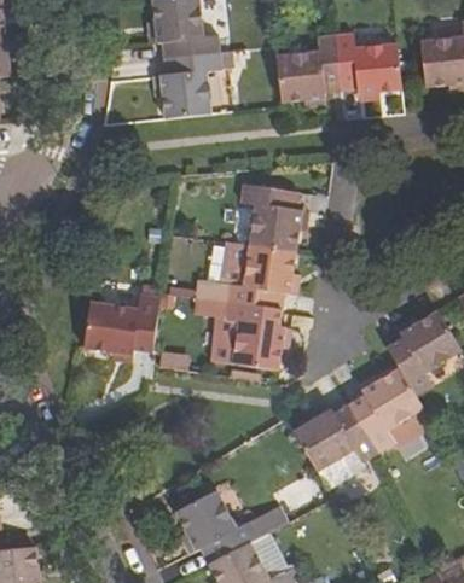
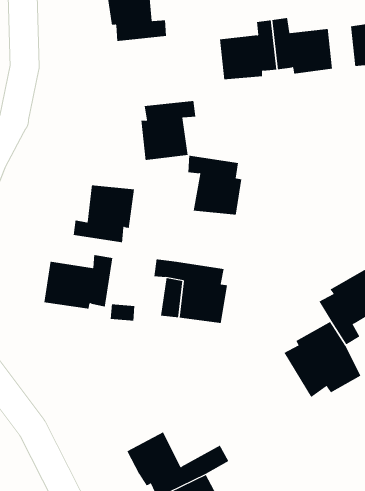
building: [159,52,221,118] -> [141,101,196,161]
building: [227,245,296,309] -> [73,185,135,243]
building: [292,402,378,490] -> none

